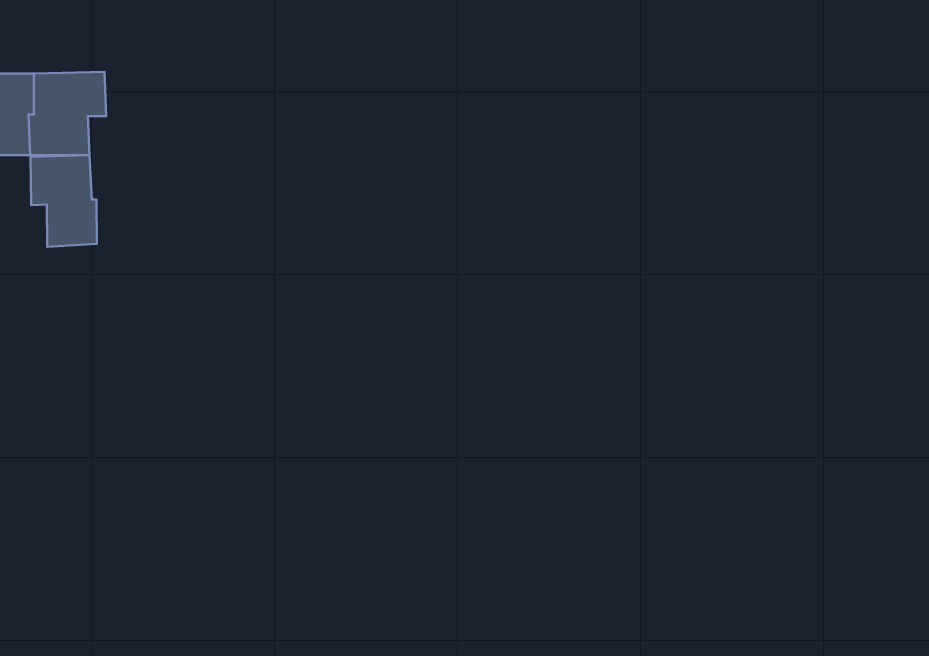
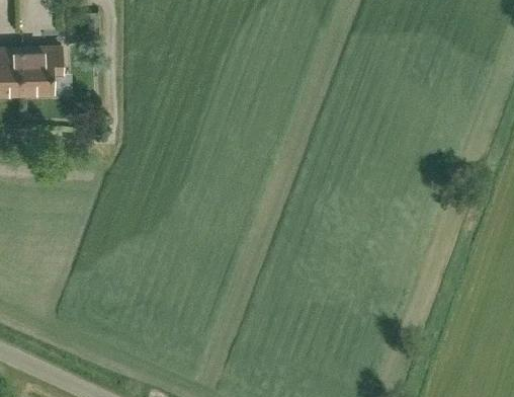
building: [30,155,97,247] -> none

